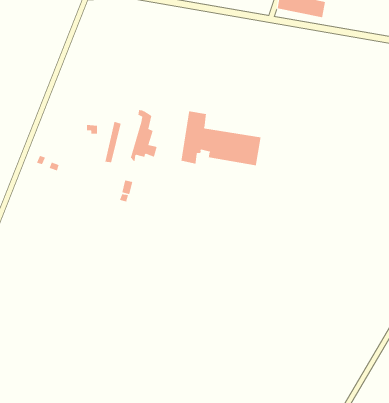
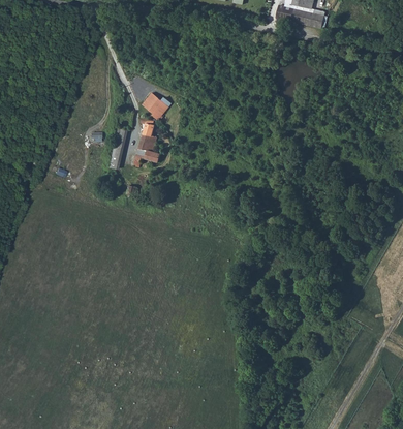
building: none -> [143,92,172,119]
building: [181,110,261,166] -> none

